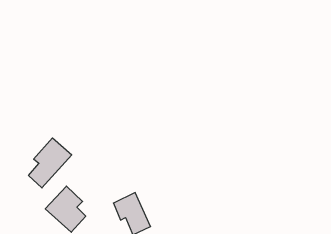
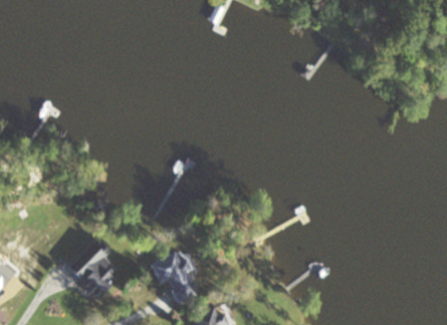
building: [29,138,72,188] -> none

